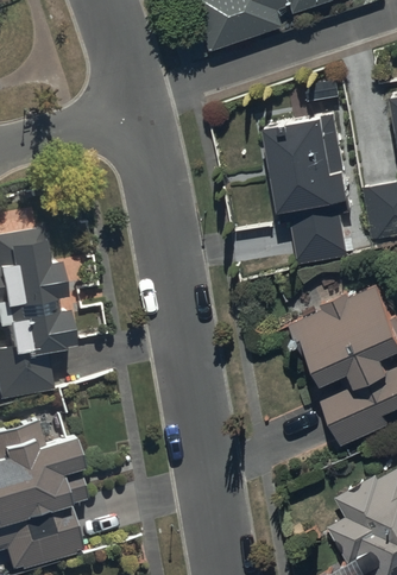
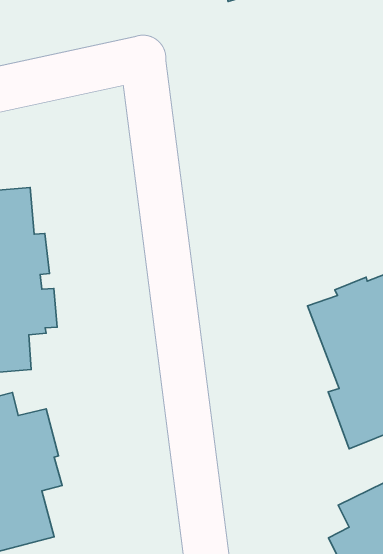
building: [267,103,352,251] -> none

